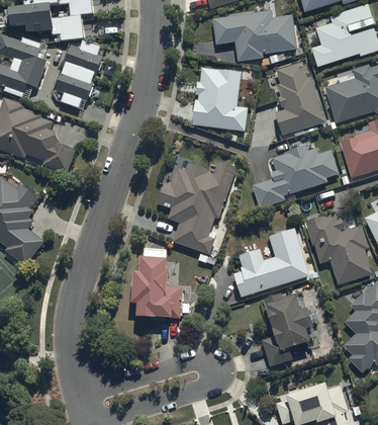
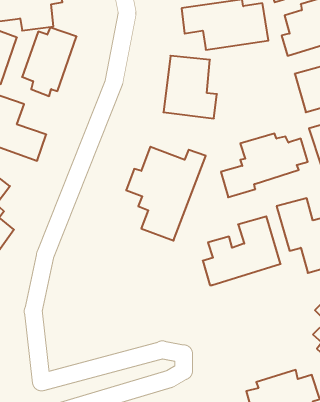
building: [273,61,323,135] -> none
building: [131,250,172,316] -> none
building: [262,290,313,365] -> none

